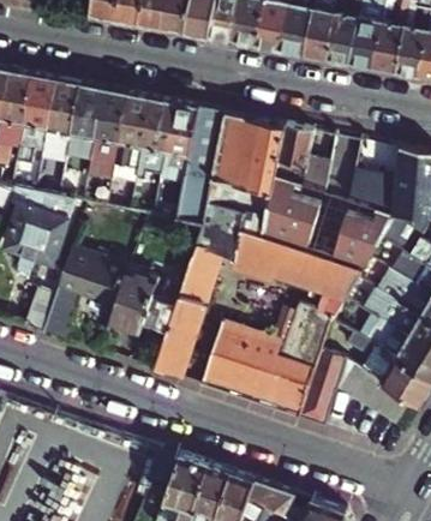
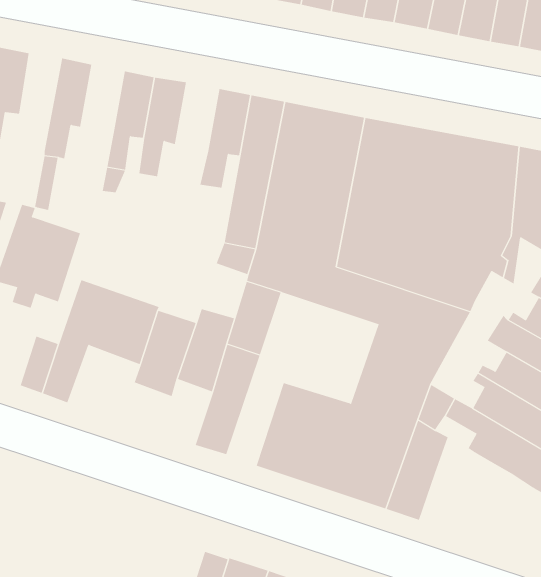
building: [17,78,56,169] -> none
building: [66,86,103,161] -> none
building: [136,100,174,184] -> none
building: [336,365,409,427] -> none

